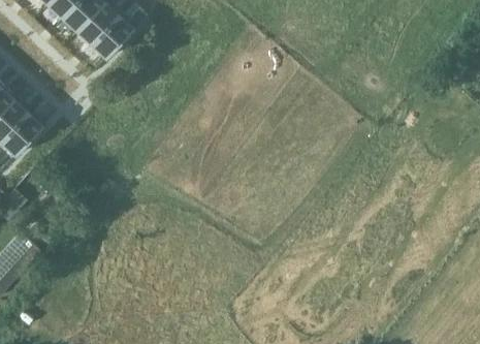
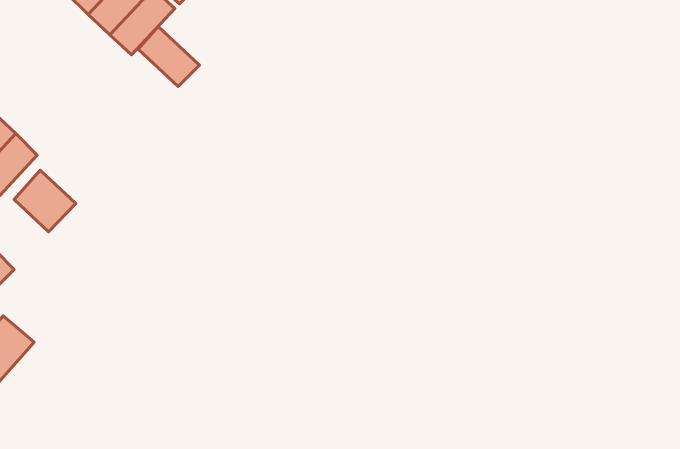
building: none -> [138,26,200,87]
building: none -> [14,170,76,232]

